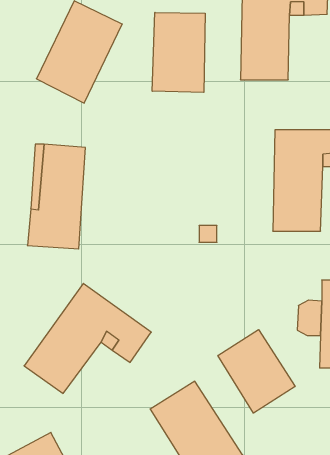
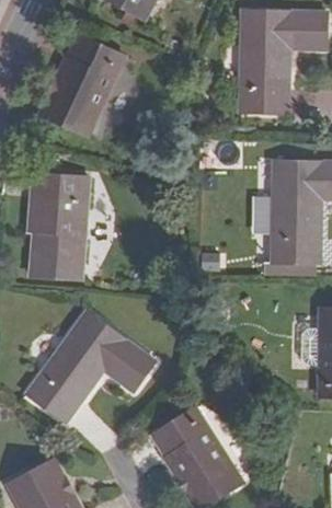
building: [152,12,205,92] -> none
building: [218,330,295,413] -> none

